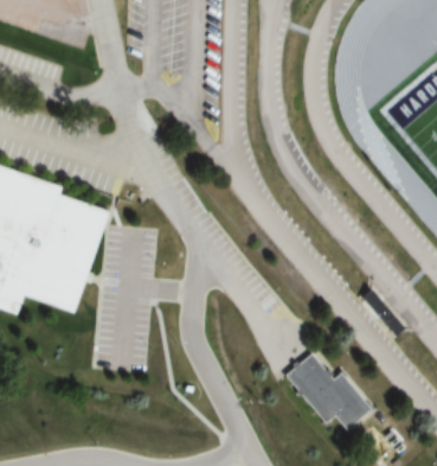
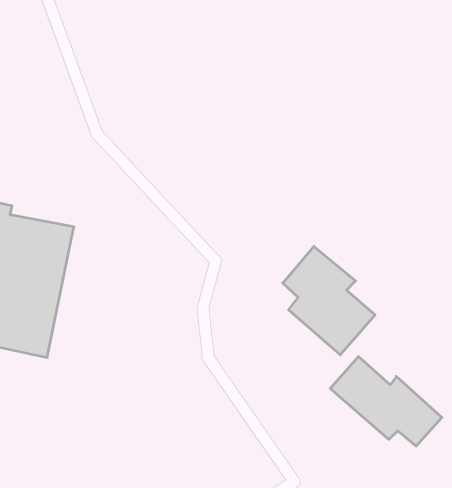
building: none -> [283,246,375,355]

